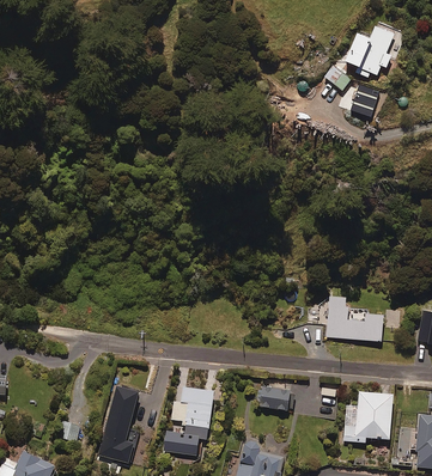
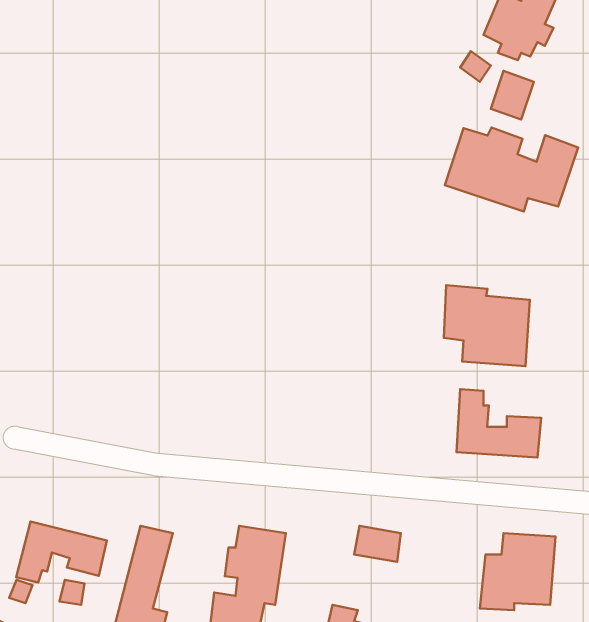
building: none -> [445,127,578,211]
building: none -> [444,285,530,366]
building: none -> [16,521,107,583]

